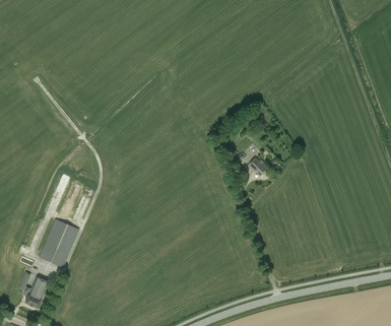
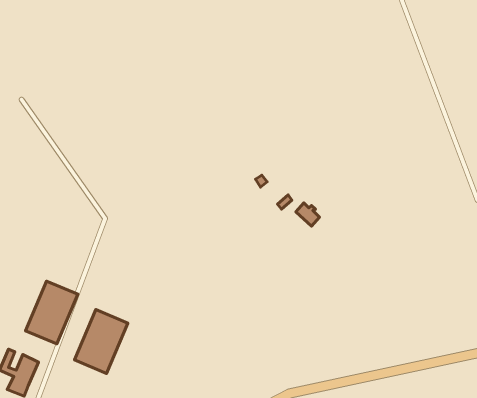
building: none -> [75,309,128,374]

